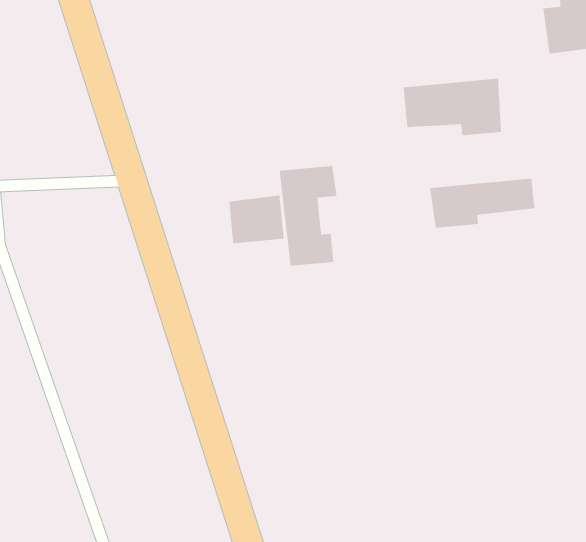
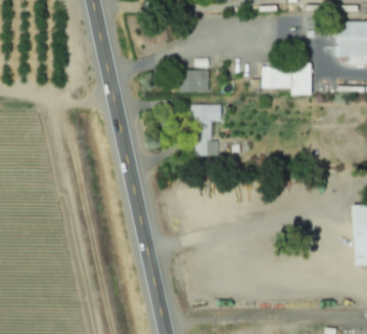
building: [430,178,535,229] -> none
building: [229,195,284,244] -> [180,69,208,92]

